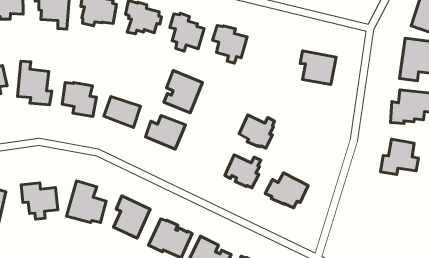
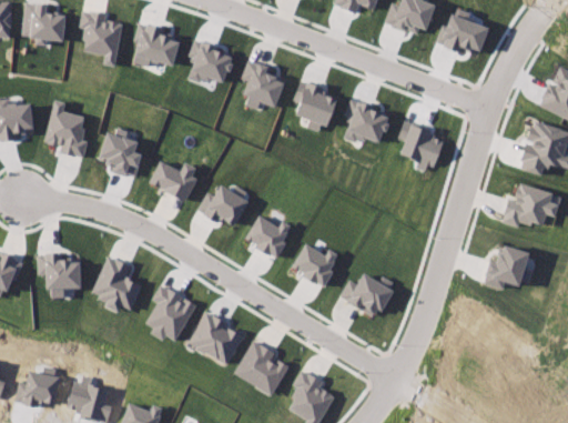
building: none -> [346,101,392,145]
building: [164,71,203,113] -> none
building: [239,115,275,148] -> [246,214,292,258]

